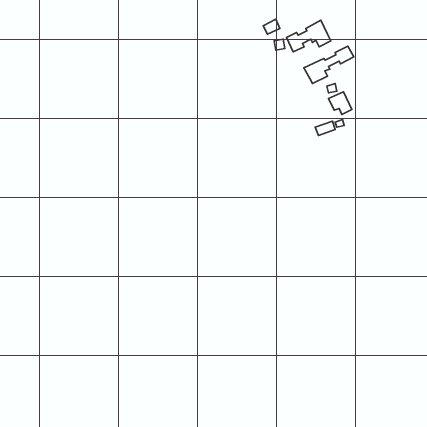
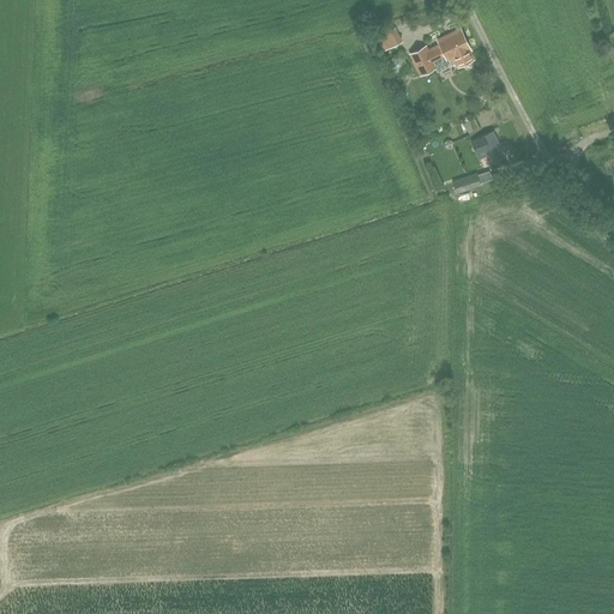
building: [304,46,354,84] -> none

